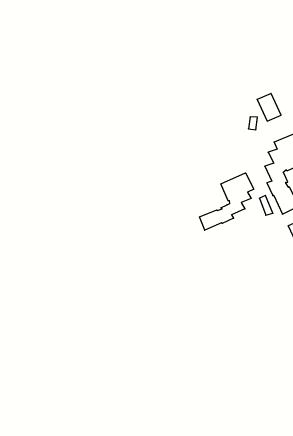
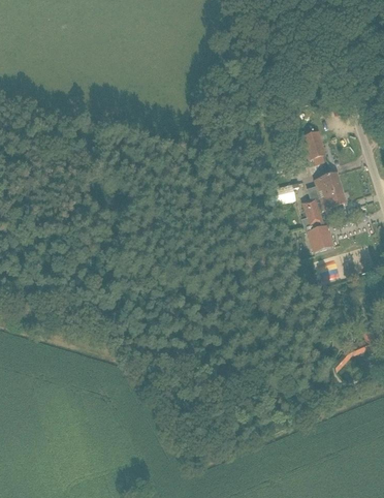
building: [199,173,254,230] -> none

